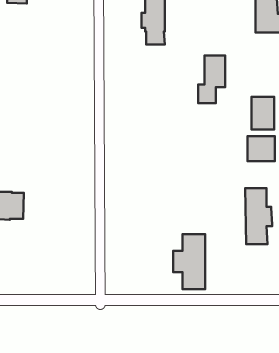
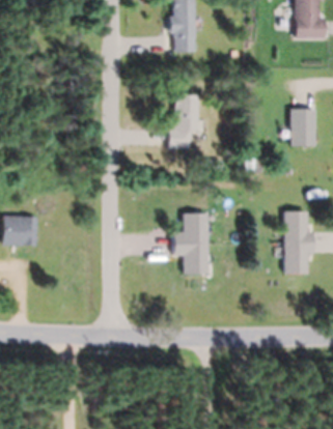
building: [198,56,225,103] -> [168,95,198,148]
building: [248,136,275,161] -> none
building: [173,234,205,289] -> [173,213,209,275]

